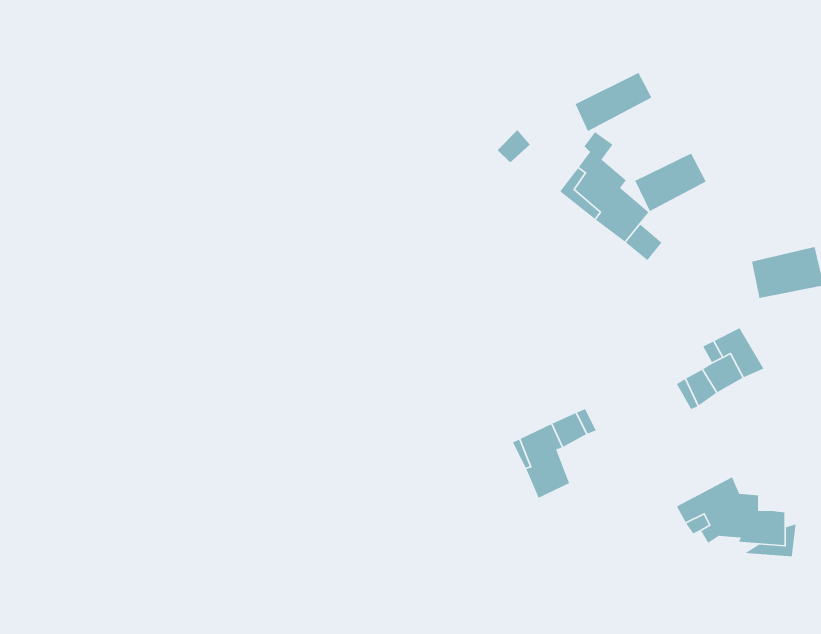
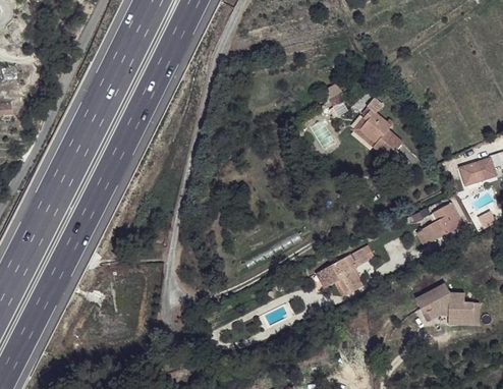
building: [575,72,652,132] -> none
building: [634,152,707,212] -> none

